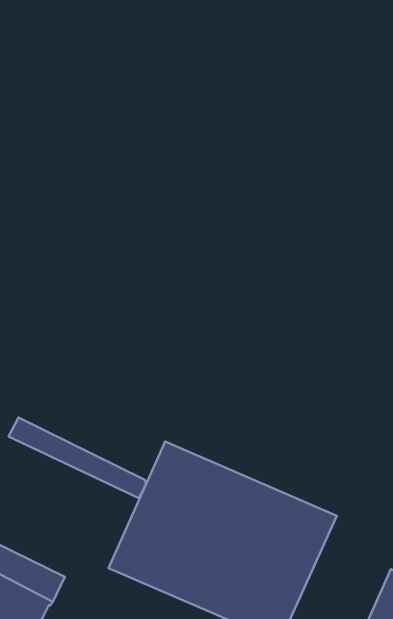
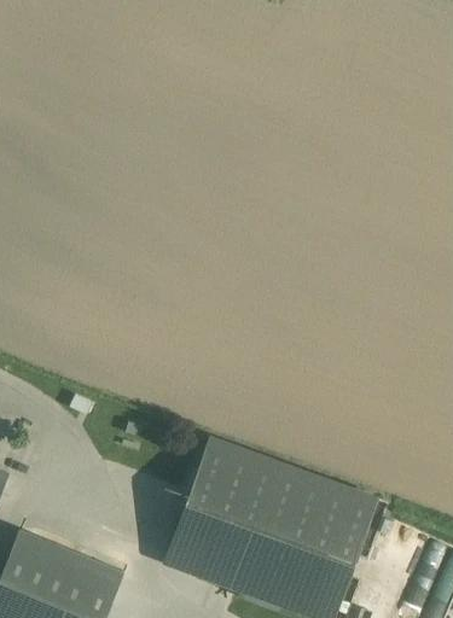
building: [9,418,146,498] -> none

